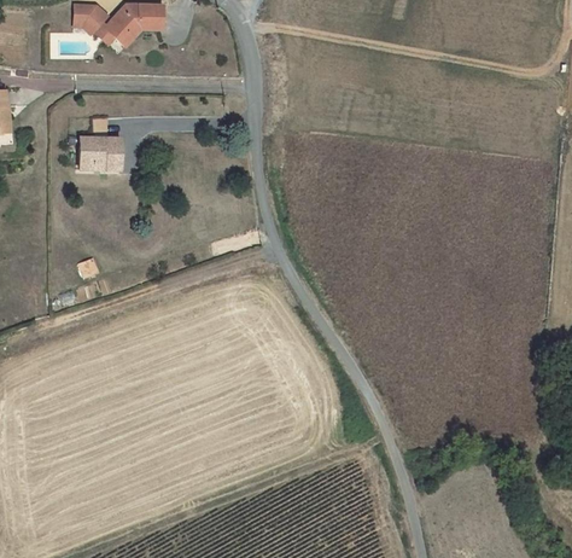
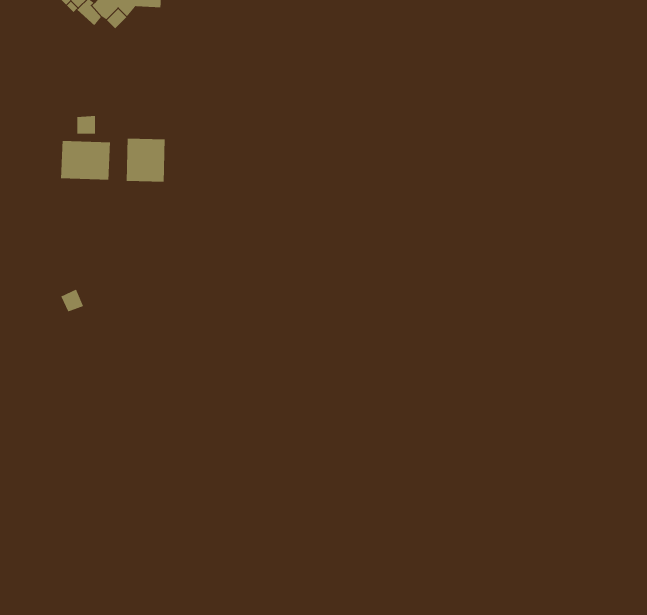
building: none -> [126,138,165,183]

